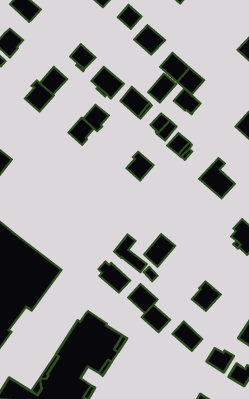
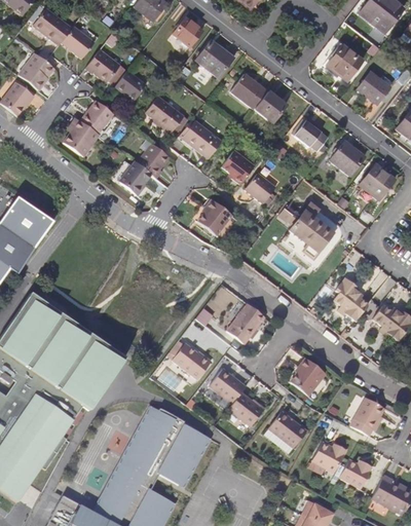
building: none -> [64,27,98,60]
building: none -> [87,49,119,81]
building: [148,74,176,103] -> none
building: [174,88,200,114] -> [294,119,328,151]

